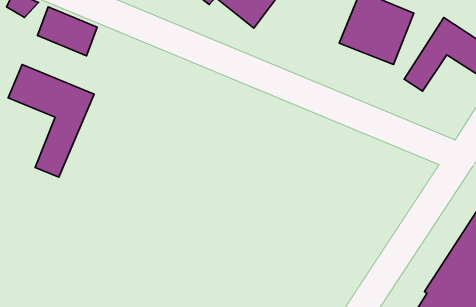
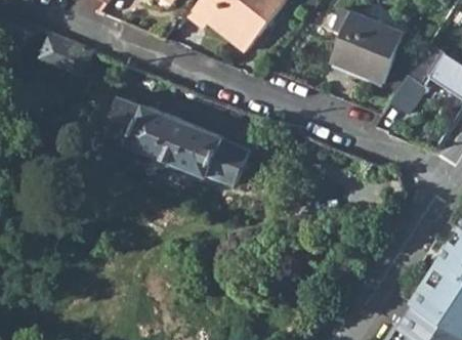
building: [8,64,94,177] -> none
building: none -> [104,96,251,183]

